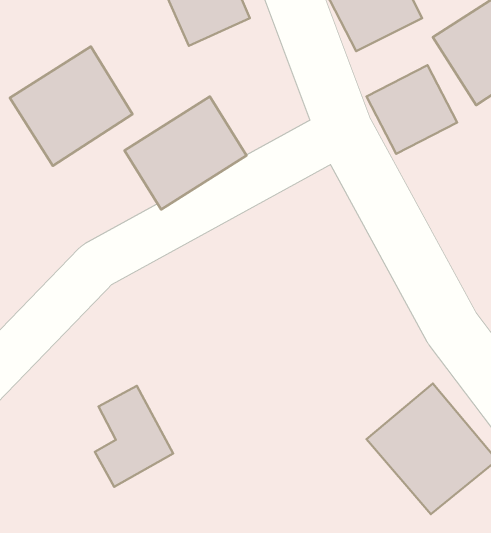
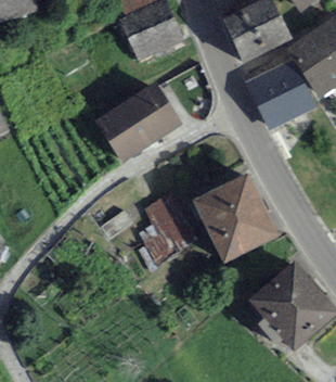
building: [10,46,132,166] -> none
building: none -> [196,177,273,258]
building: [95,386,173,487] -> [144,193,193,256]

